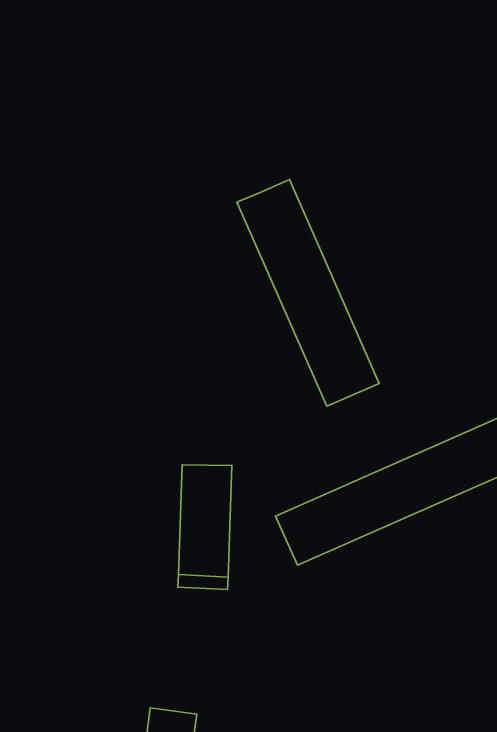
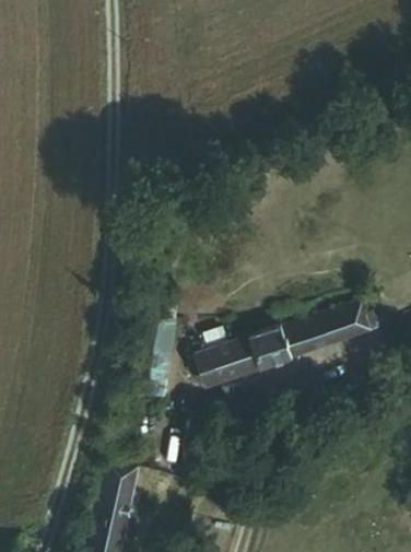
building: [237,180,379,406] -> none

